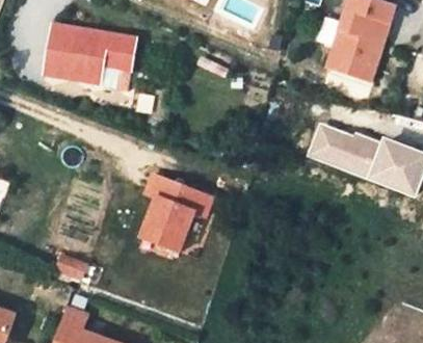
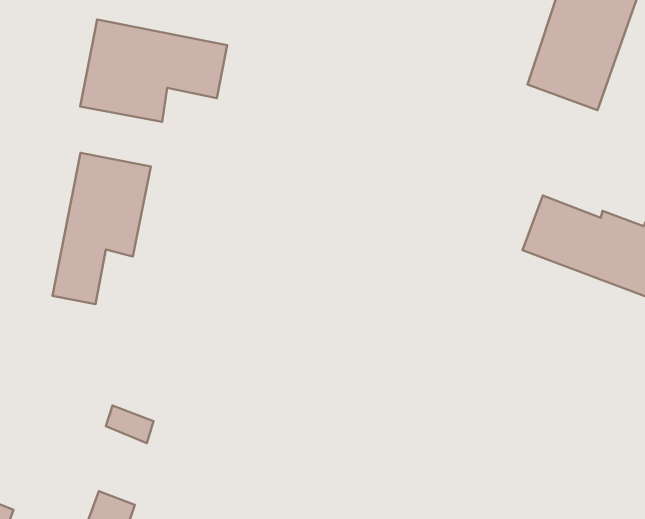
building: none -> [53,153,151,304]
building: [139,175,211,253] -> none

